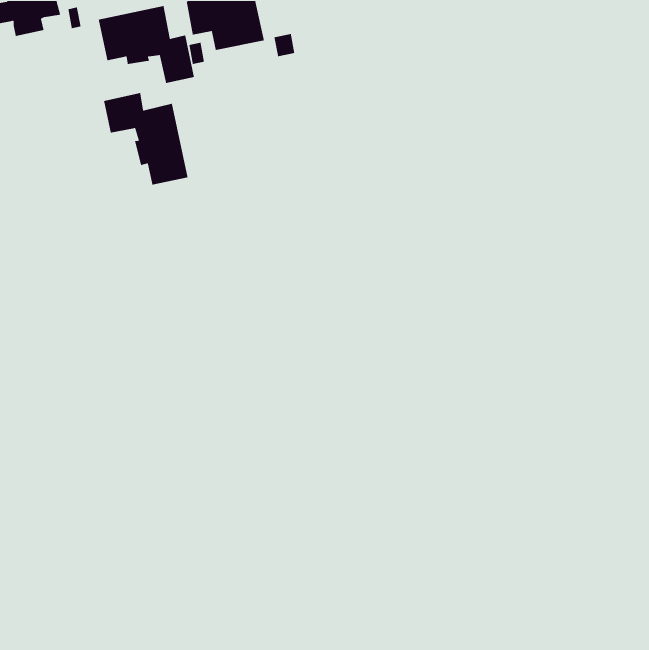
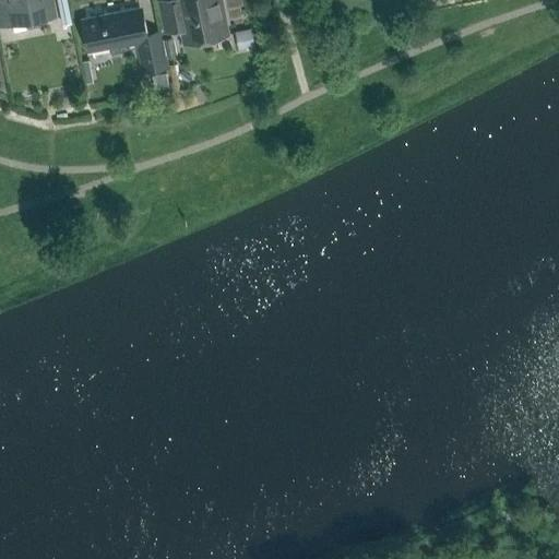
building: [103,92,188,186] -> none

